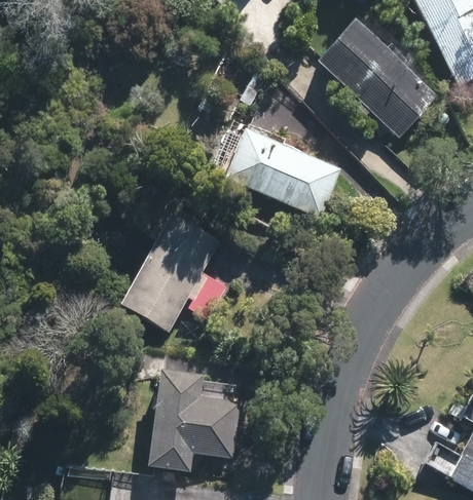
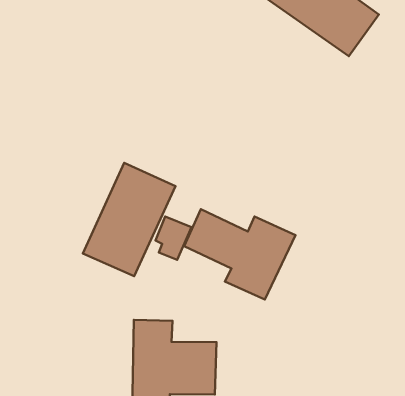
building: [225,130,338,213] -> none
building: none -> [184,209,295,300]

